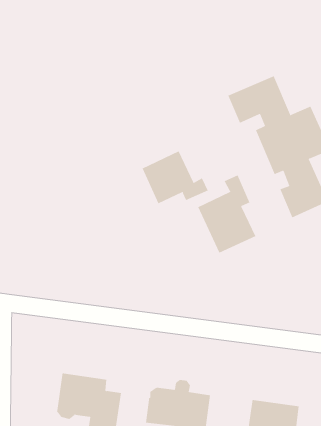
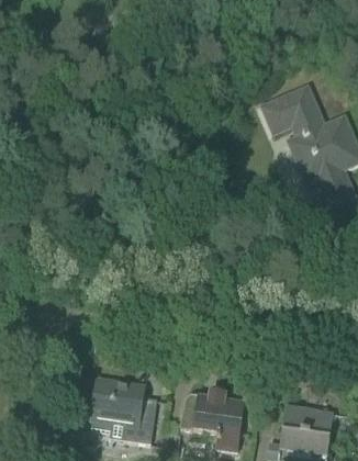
building: [142,151,208,204] -> none
building: [197,174,256,253] -> none

